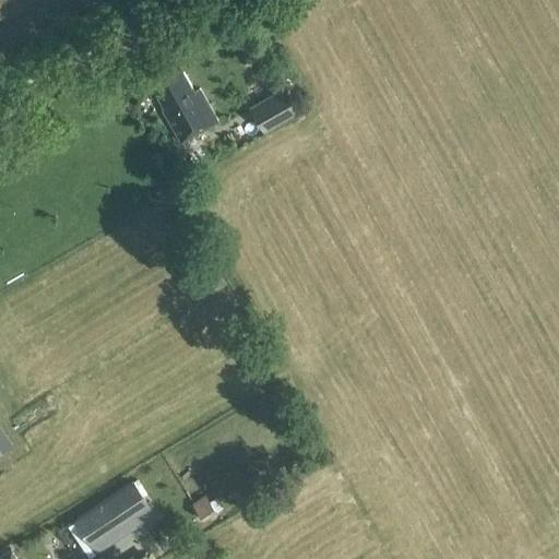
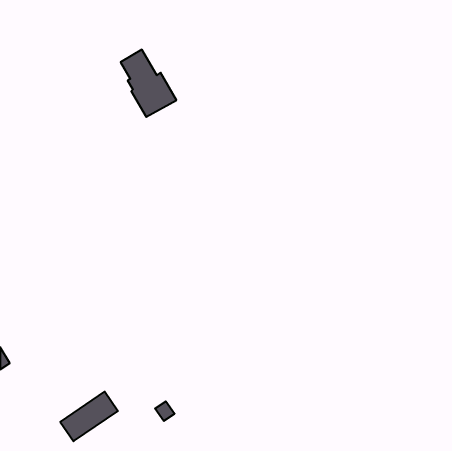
building: [253,91,297,132] -> none

